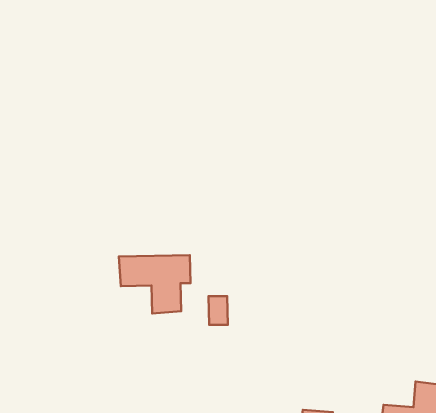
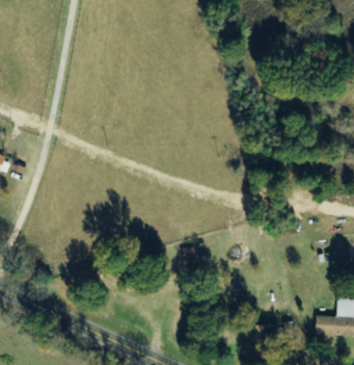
building: [119,255,191,313] -> none

